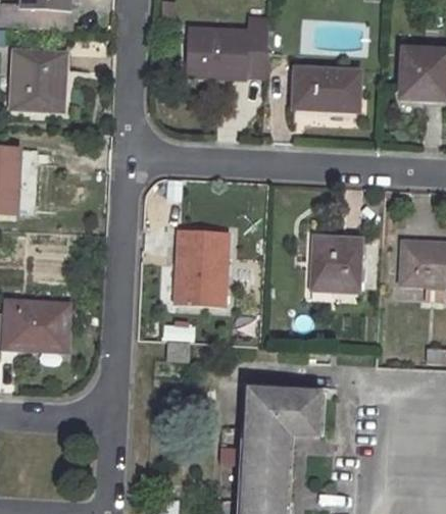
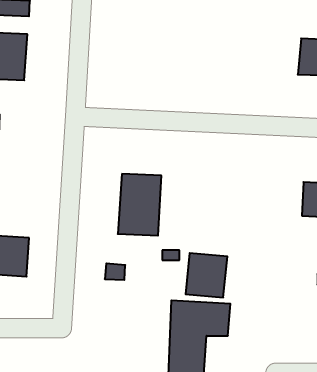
building: [188,19,270,75] -> none
building: [293,69,364,114] -> none
building: [312,236,364,291] -> [186,253,227,297]

